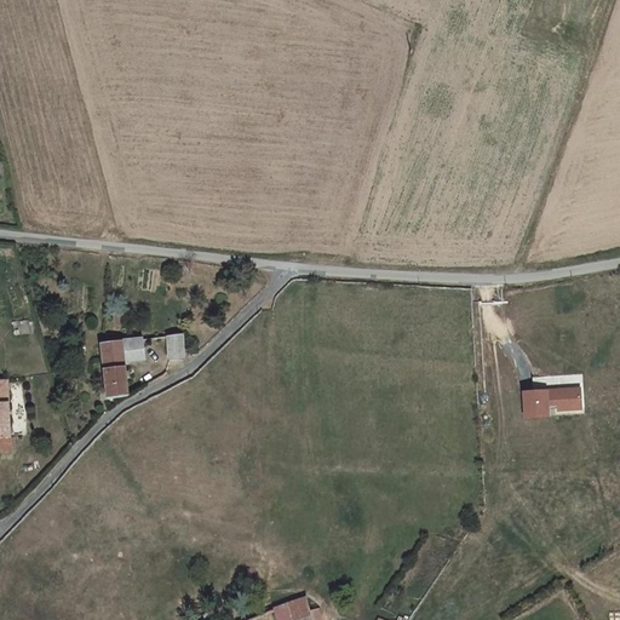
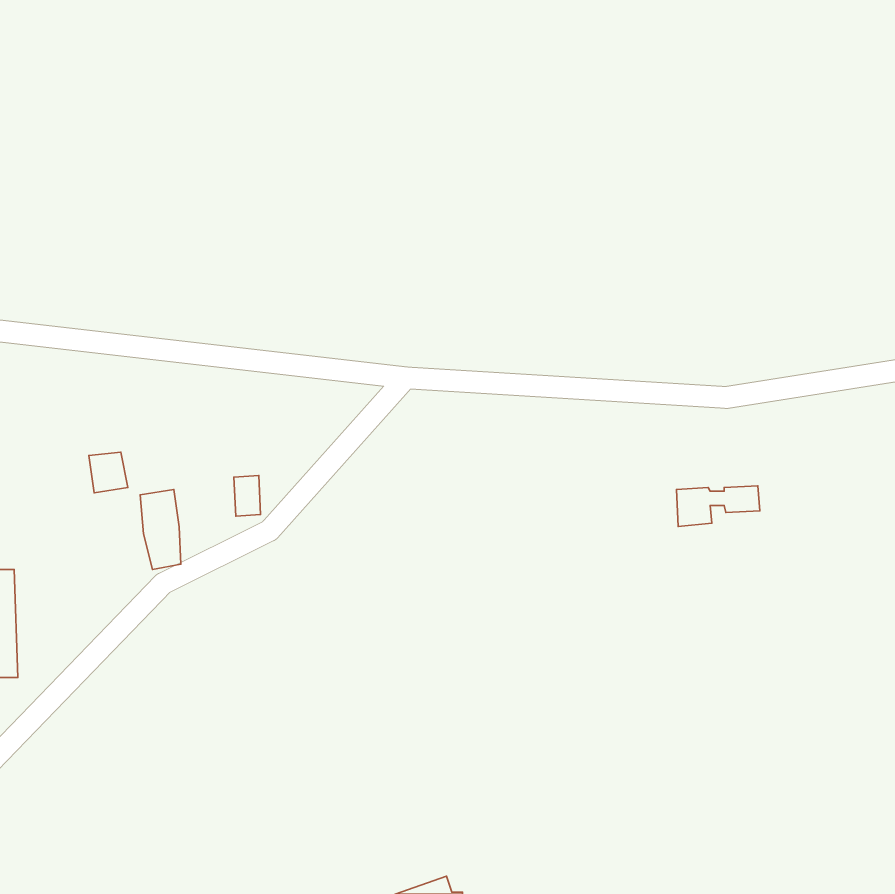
building: [119,332,145,360] -> [89,452,128,493]
building: [524,396,581,424] -> [676,486,760,527]

